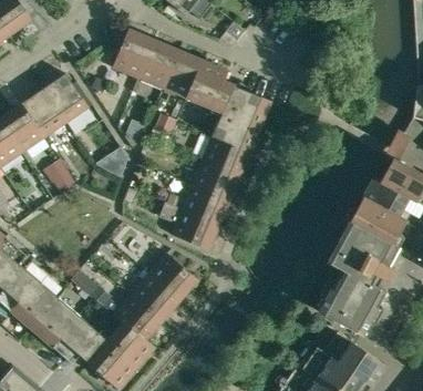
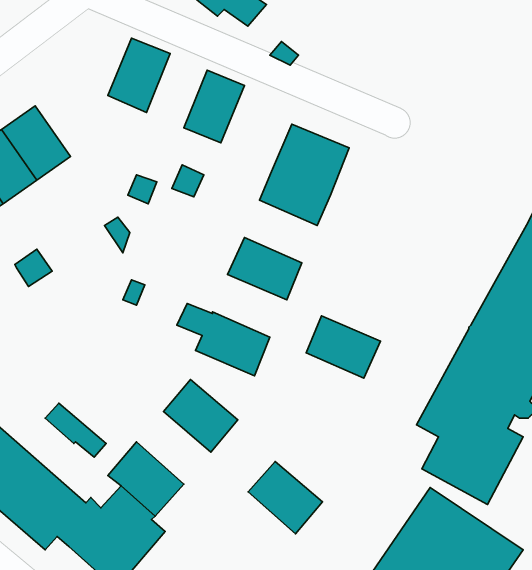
building: [137,39,177,88] -> none
building: [186,60,233,116] -> none
building: [202,135,249,176] -> none
building: [180,184,229,225] -> [306,316,381,378]
building: [131,274,179,321] -> [248,461,323,534]

